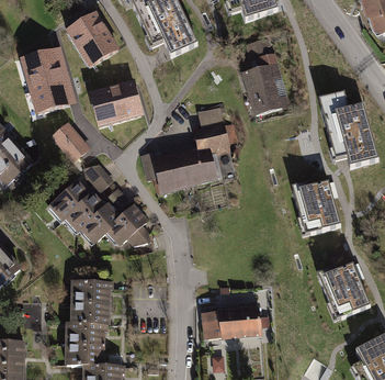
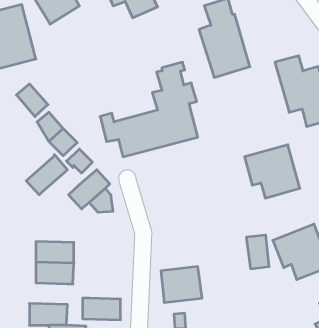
building: [89,74,140,120] -> none
building: [47,181,90,221] -> none
building: [79,205,121,246] -> none
building: [237,303,260,337] -> [246,235,269,269]
building: [67,322,105,344] -> [83,298,121,320]

